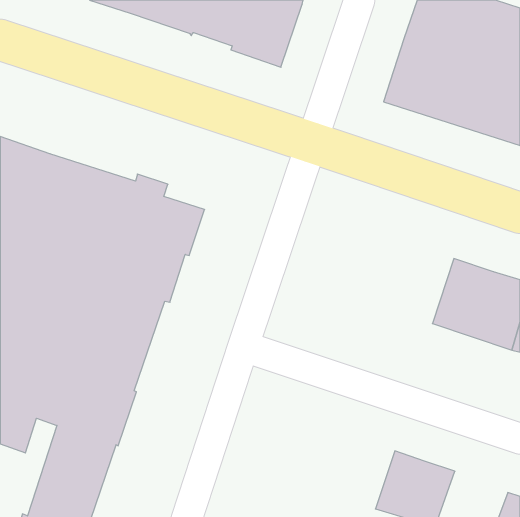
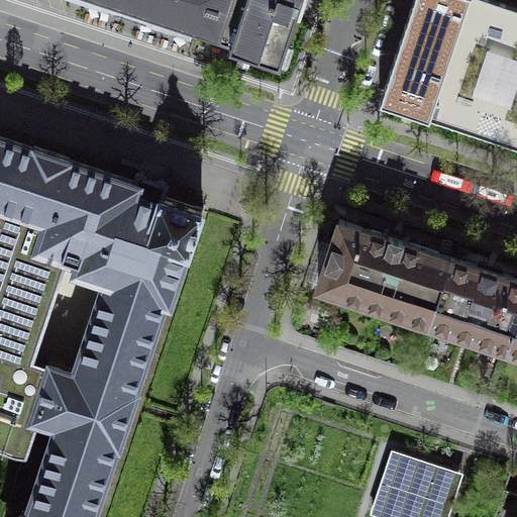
building: none -> [318,222,450,324]

